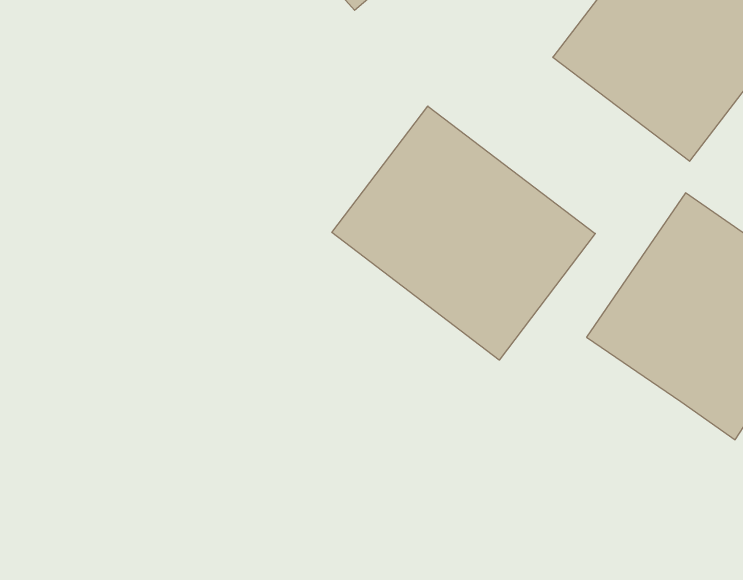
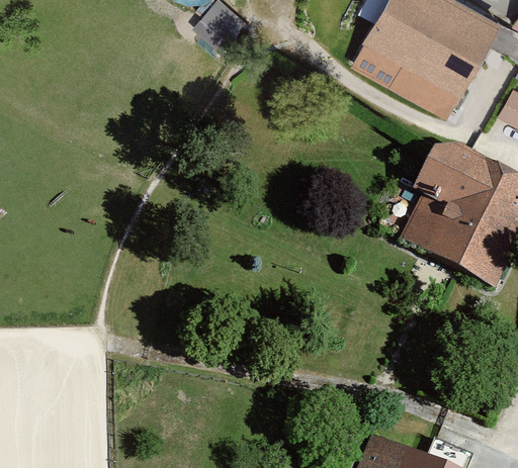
building: [332,106,595,360] -> none

